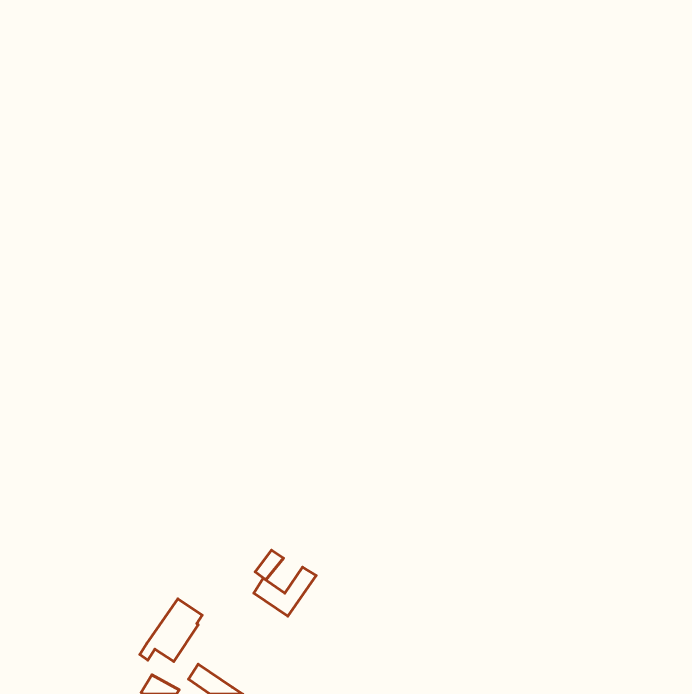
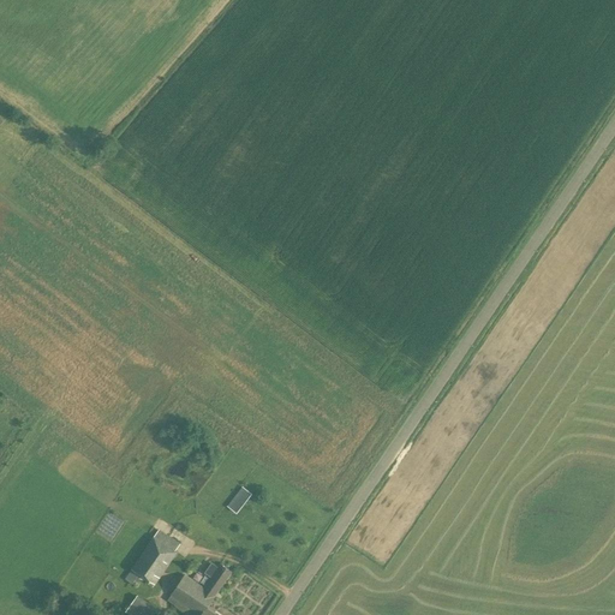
building: [254,567,316,616] -> [175,565,231,608]

